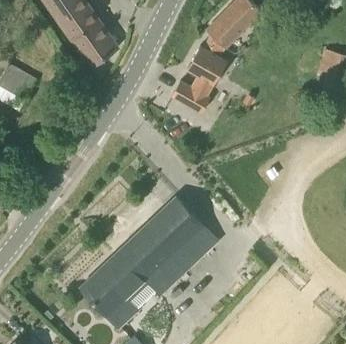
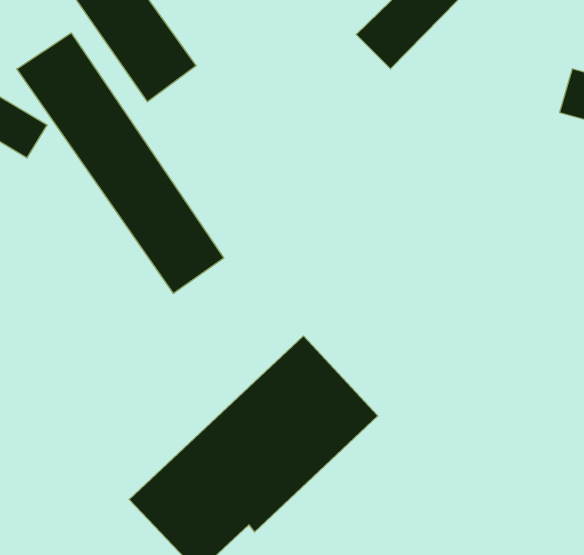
building: none -> [17,33,224,294]
building: [172,35,227,111] -> none

